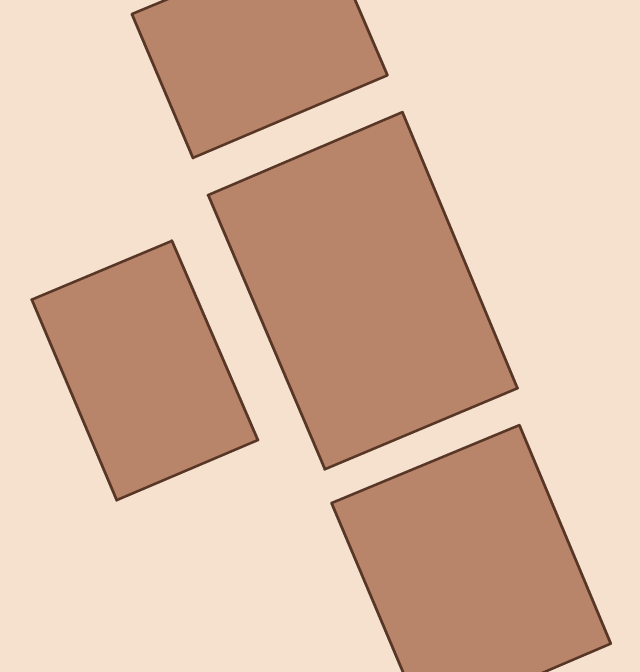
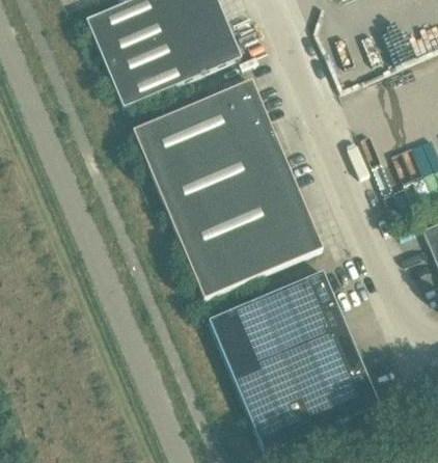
building: [32,241,258,500] -> none

